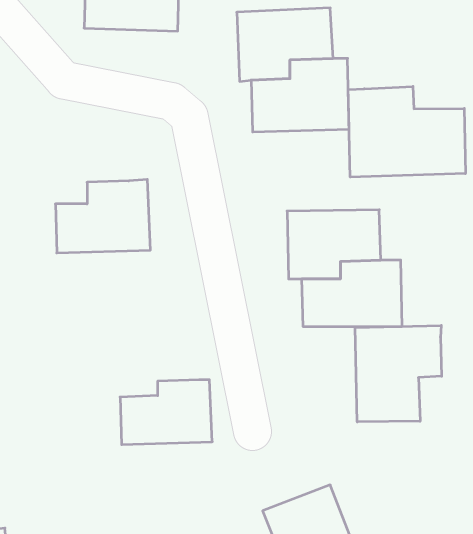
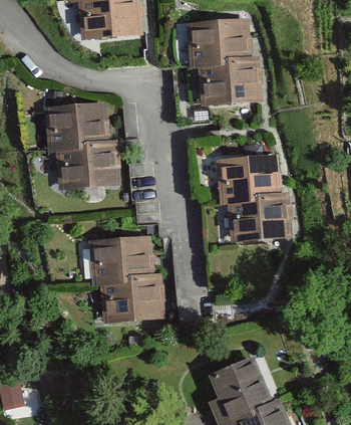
building: [348,86,465,177] -> none
building: none -> [40,102,108,156]
building: none -> [89,239,157,290]
building: [355,325,442,422] -> none

